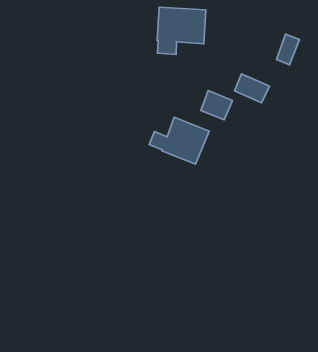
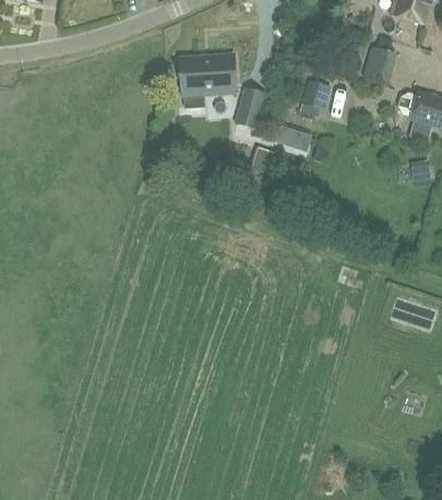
building: none -> [232,87,266,130]
building: [149,117,209,164] -> none

